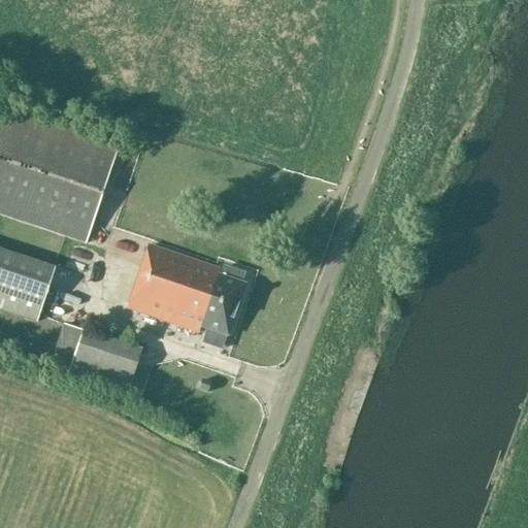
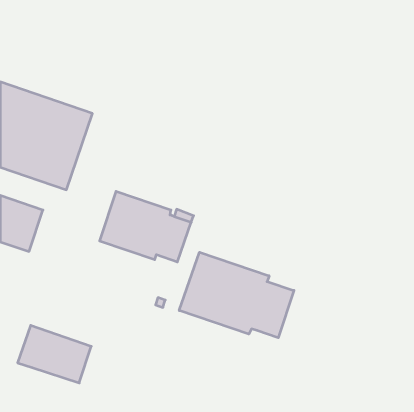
building: none -> [179,252,294,338]
building: [47,322,141,395] -> [18,325,91,383]

